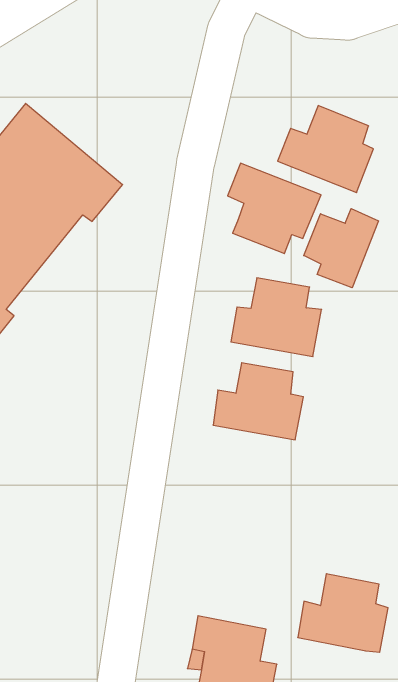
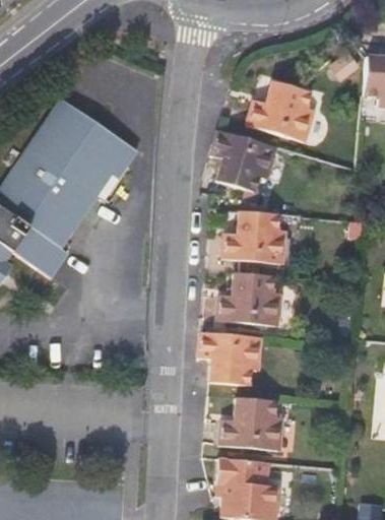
building: [304,209,379,288] -> none
building: none -> [199,330,263,384]
building: [298,574,388,652] -> [218,408,281,461]

